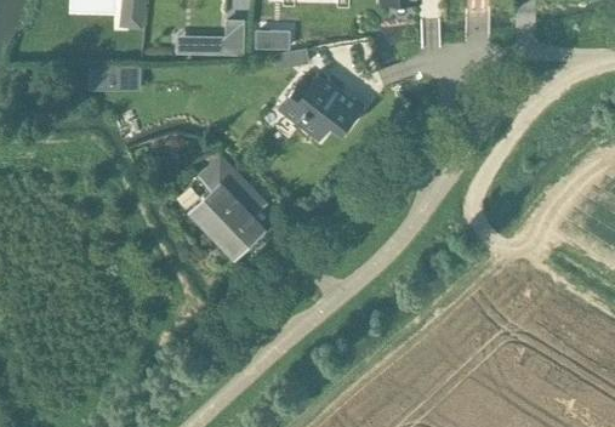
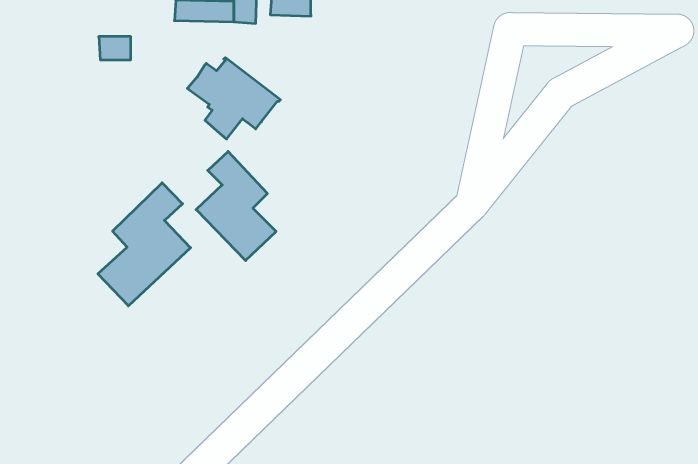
building: [285,74,363,142] -> [187,58,280,139]
building: none -> [98,183,191,306]

